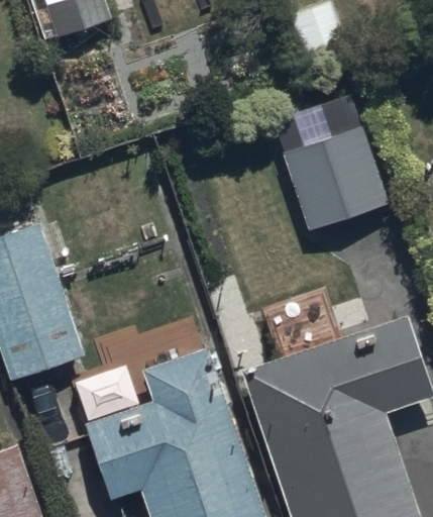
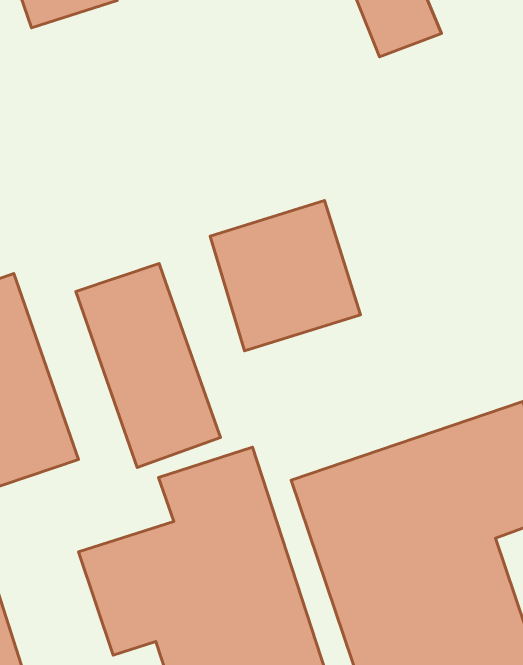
building: [281,126,391,236] -> [210,200,361,351]
building: none -> [76,263,221,468]

